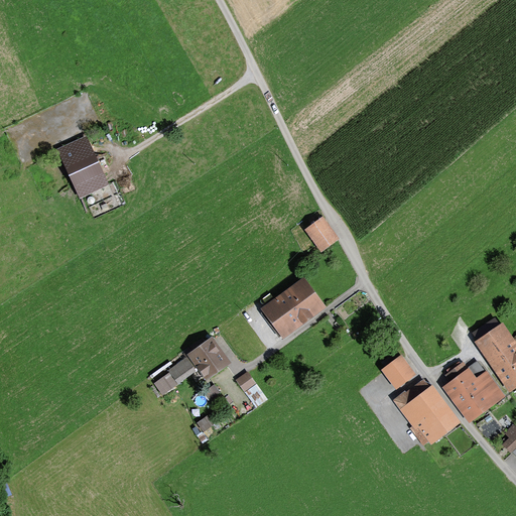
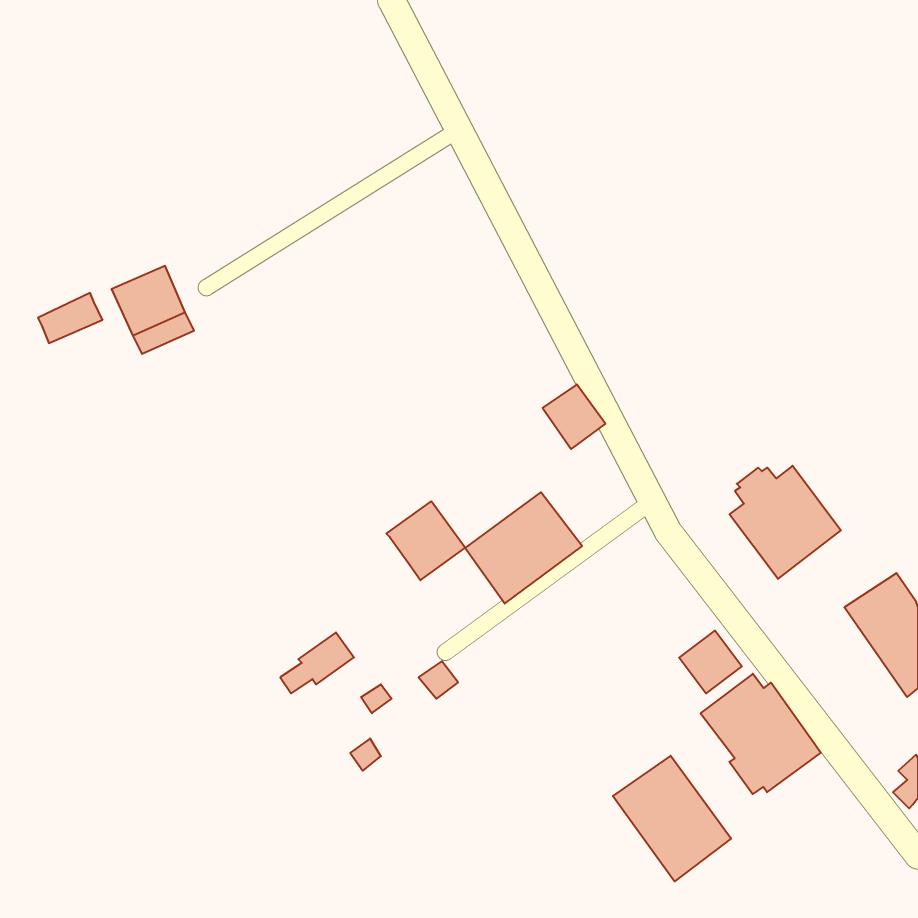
building: [56,134,93,162] -> [38,293,103,343]
building: [186,335,231,379] -> [386,501,465,580]
building: [442,360,505,423] -> [730,466,841,579]
building: none -> [613,756,731,881]

